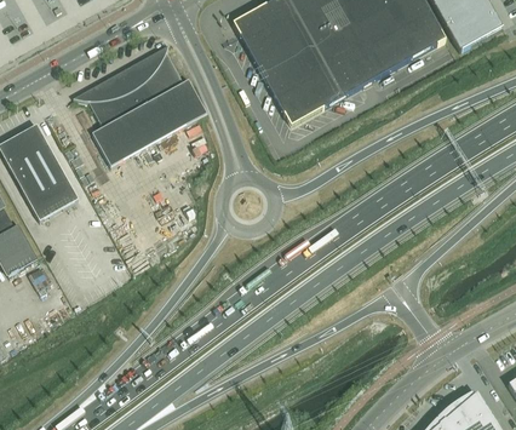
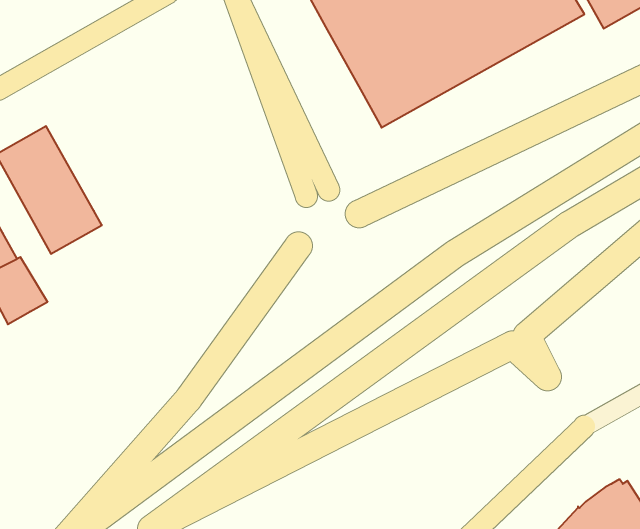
building: [73,42,207,165] -> none

